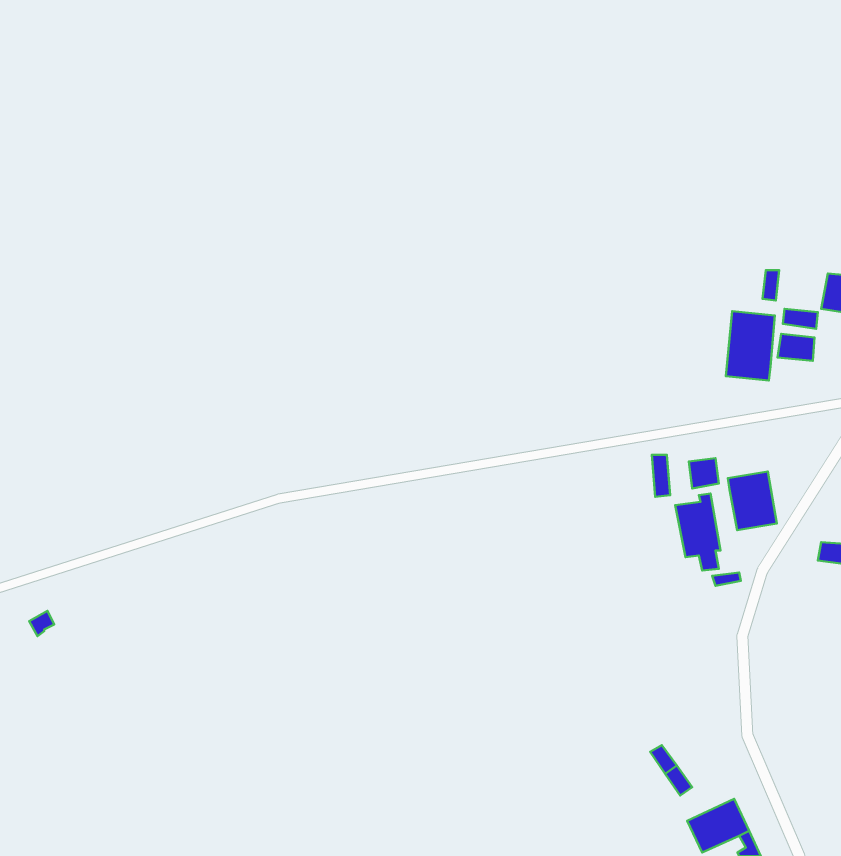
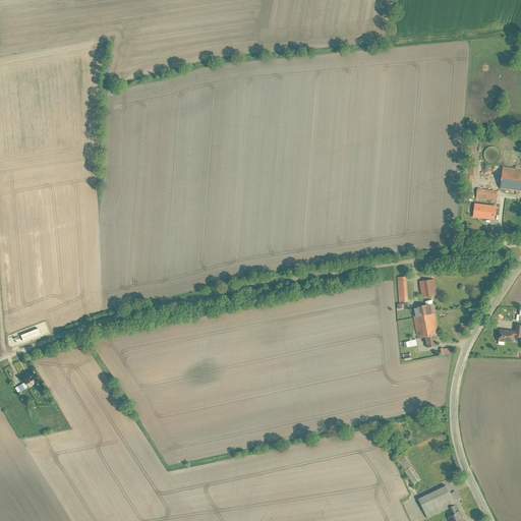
building: [726,311,775,381] -> none
building: [728,472,777,530] -> none

